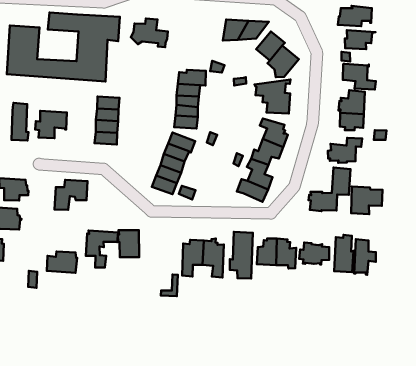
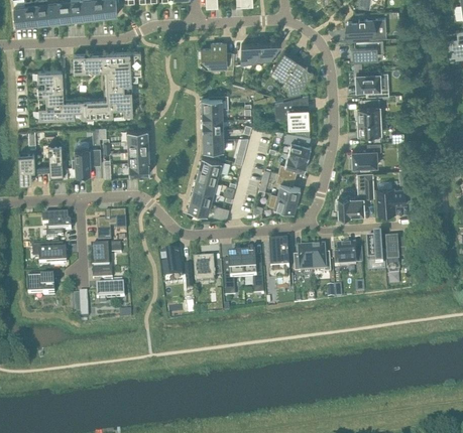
building: [131,18,168,47] -> [200,44,234,69]
building: [86,231,118,268] -> [92,244,121,279]
building: none -> [194,259,215,281]

